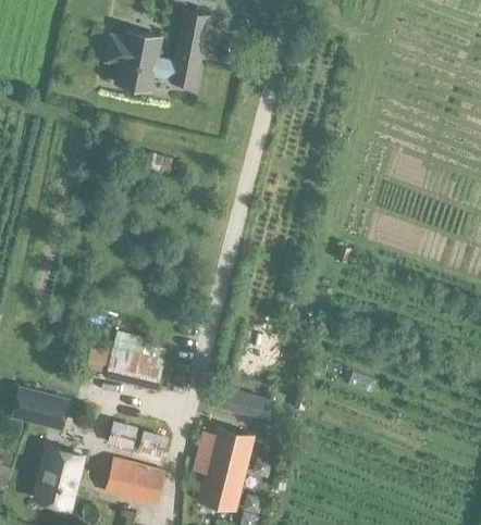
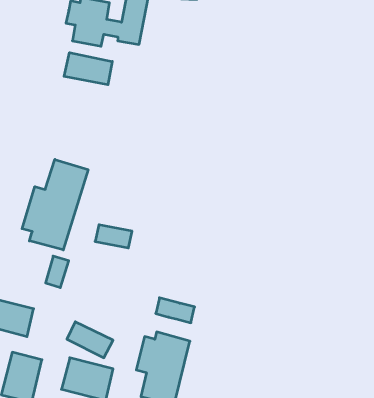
building: none -> [64,53,112,85]
building: none -> [22,159,88,250]
building: [118,347,161,374] -> [95,225,132,248]

